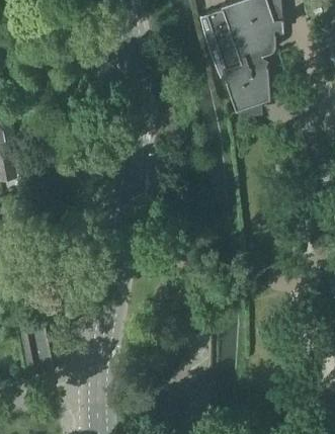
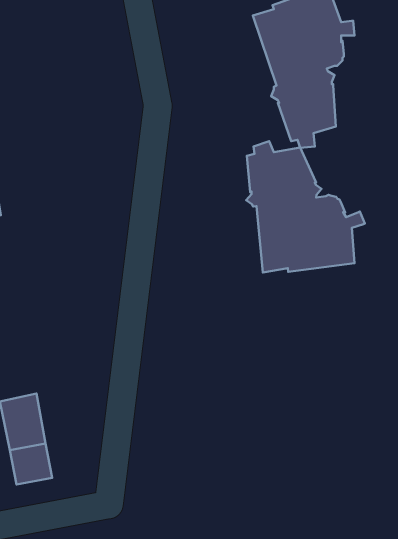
building: none -> [246,141,365,272]

